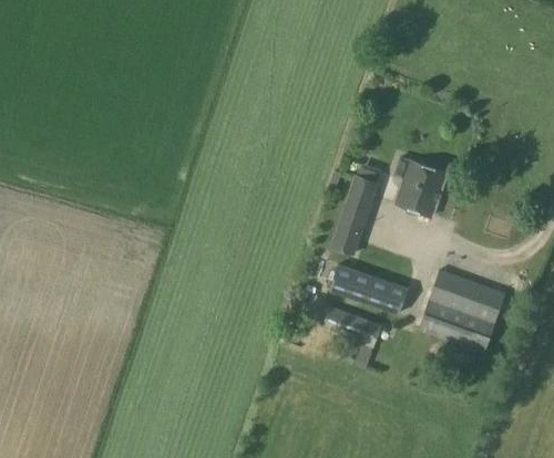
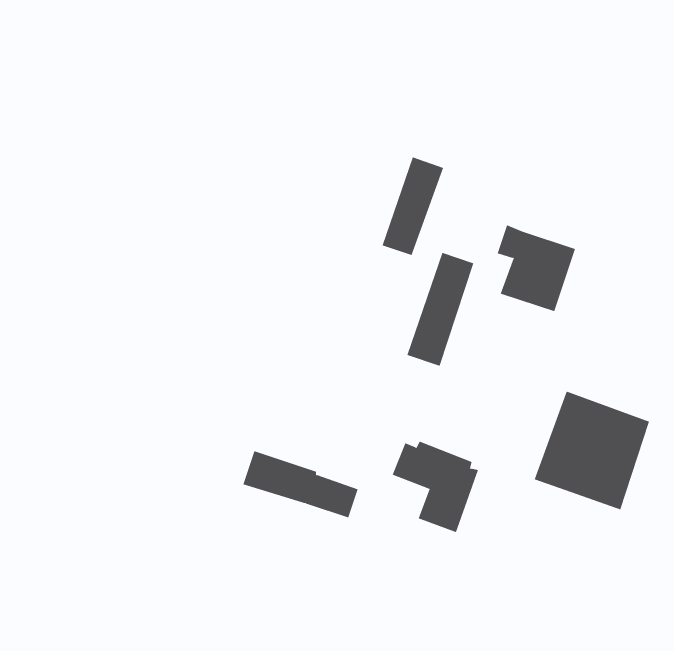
building: none -> [382,157,444,256]
building: [329,266,409,312] -> [243,450,359,518]

